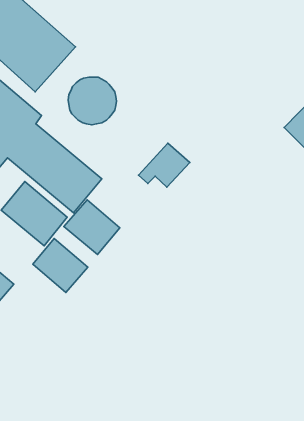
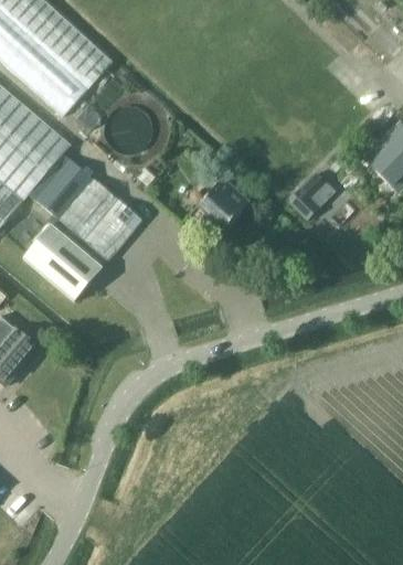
building: none -> [287,171,326,218]
building: [64,200,120,255] -> none
building: [33,239,88,292] -> none

